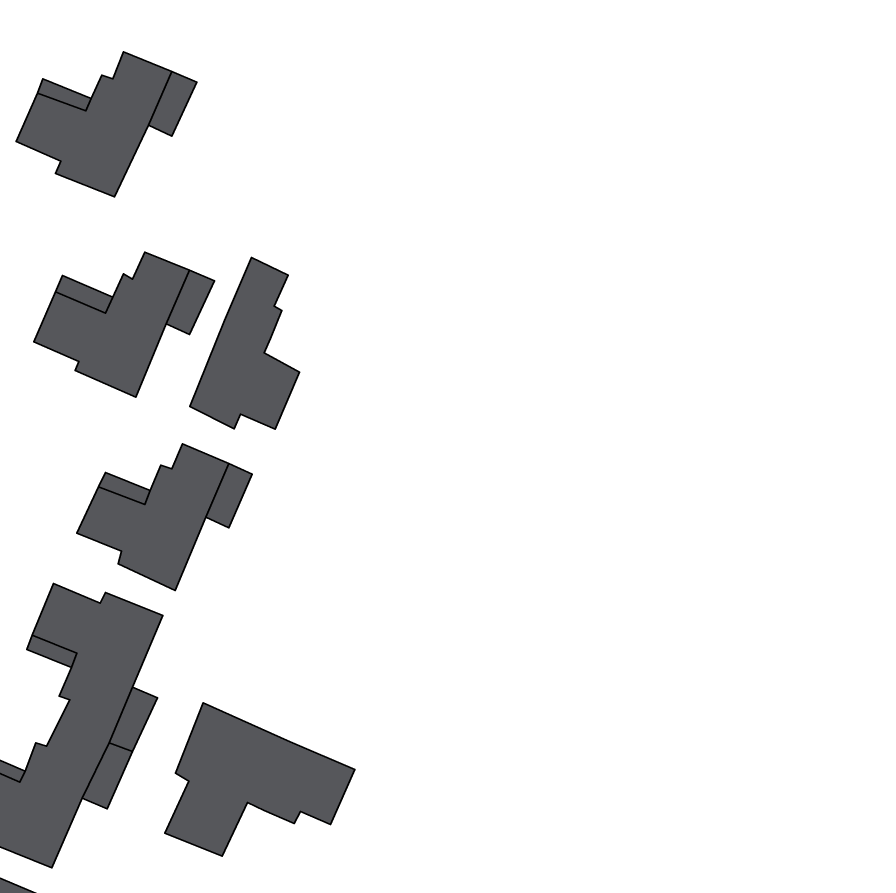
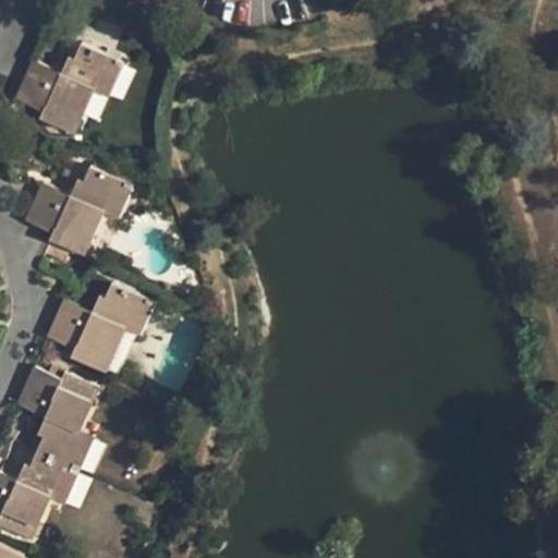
building: [190,258,299,429] -> none
building: [165,703,355,856] -> none

